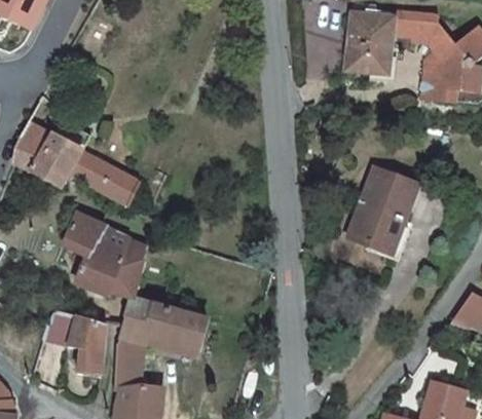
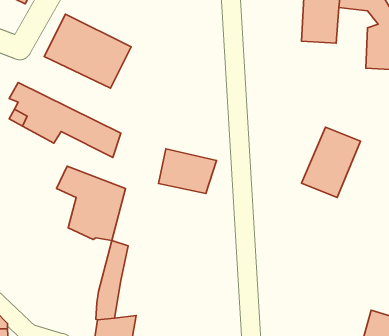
building: none -> [44,14,131,88]
building: [142,306,209,357] -> [159,149,217,193]
building: [43,311,108,379] -> none

